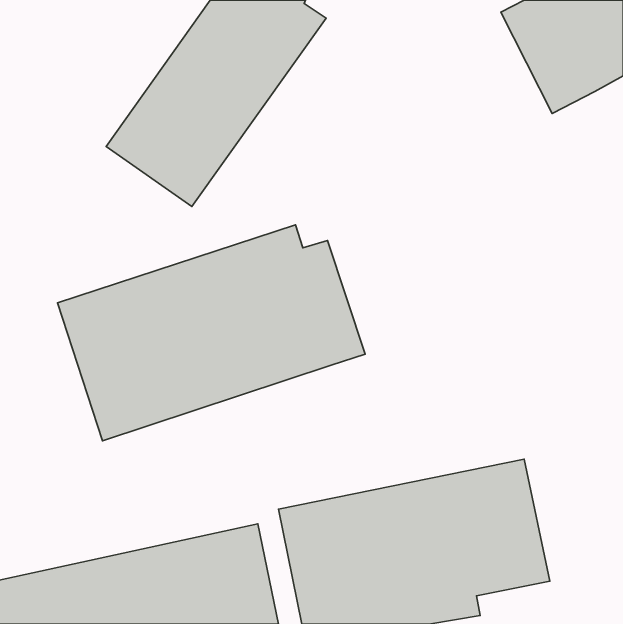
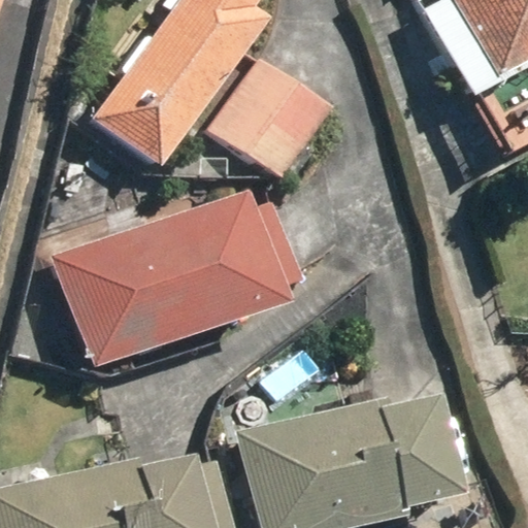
building: none -> [210,56,332,178]

